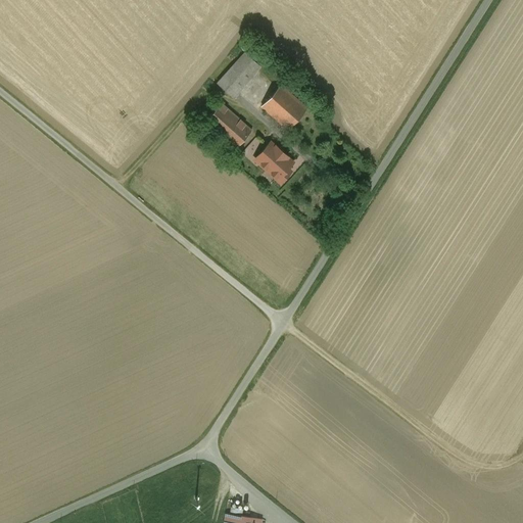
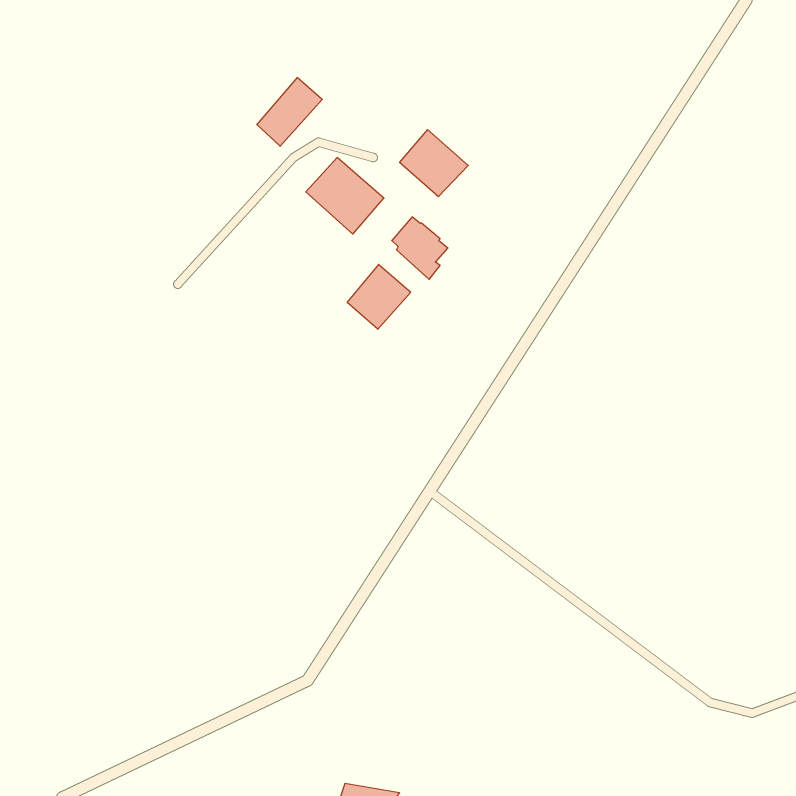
building: [219,53,262,98] -> [257,78,322,146]
building: none -> [347,264,411,329]

